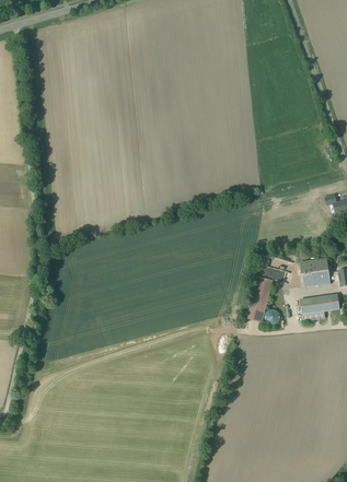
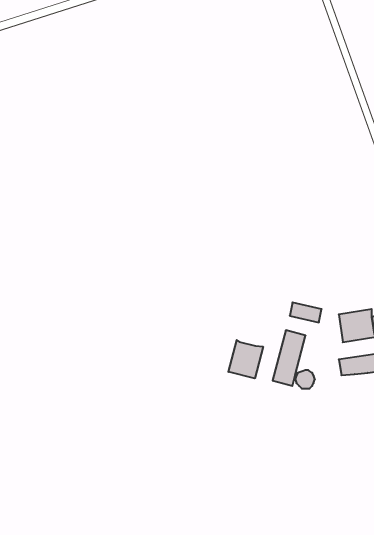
building: none -> [228,340,263,378]

